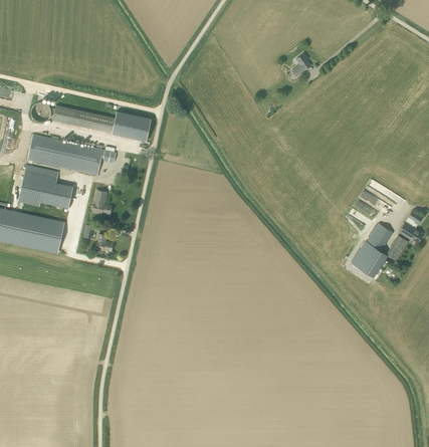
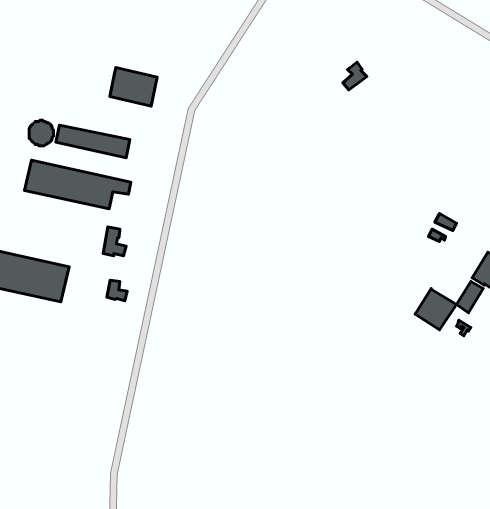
building: [112,108,151,141] -> [110,67,157,106]
building: [19,170,73,207] -> none
building: [366,223,393,251] -> none

